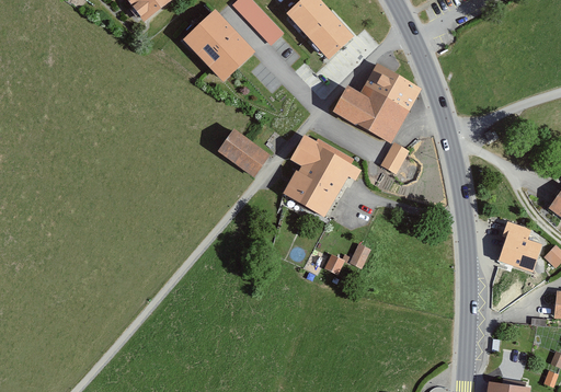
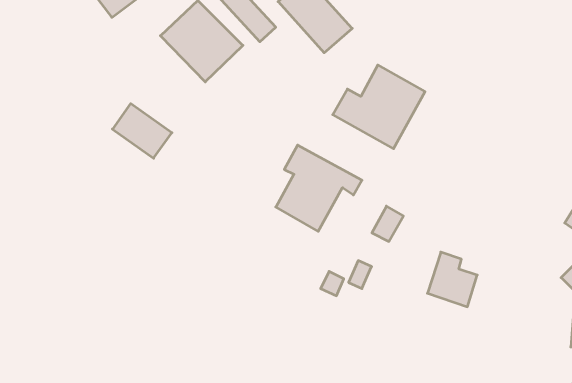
building: [215,128,268,177] -> [112,104,172,158]
building: [381,142,410,174] -> [372,206,403,241]
building: [495,223,540,273] -> [427,252,477,307]

